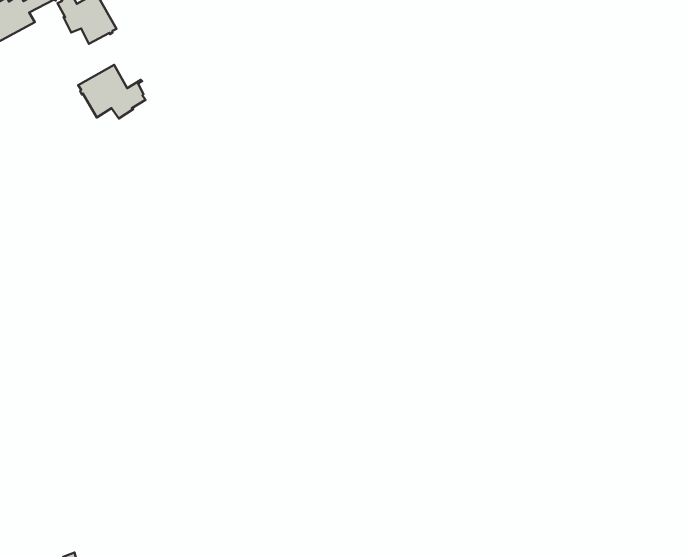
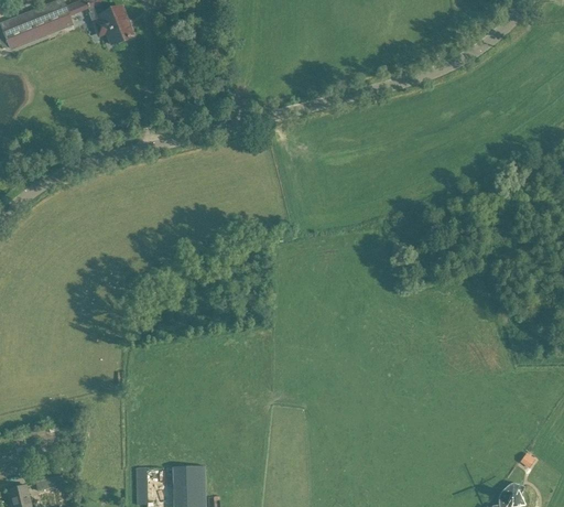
building: [78,65,146,119] -> none

